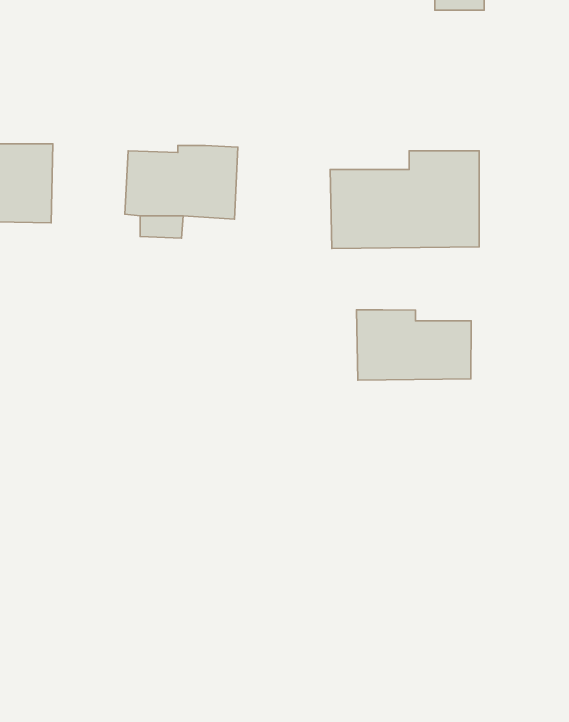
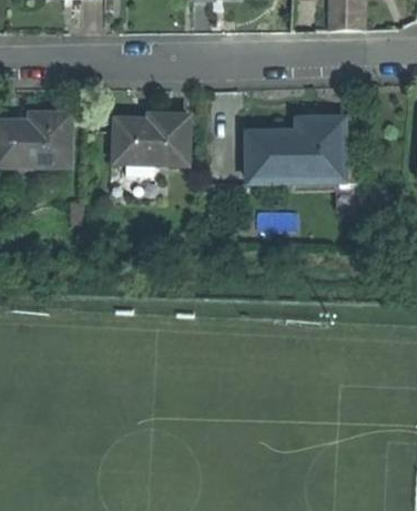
building: [357,310,471,380] -> none

